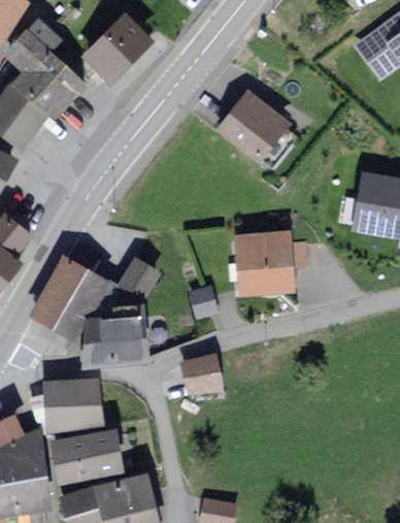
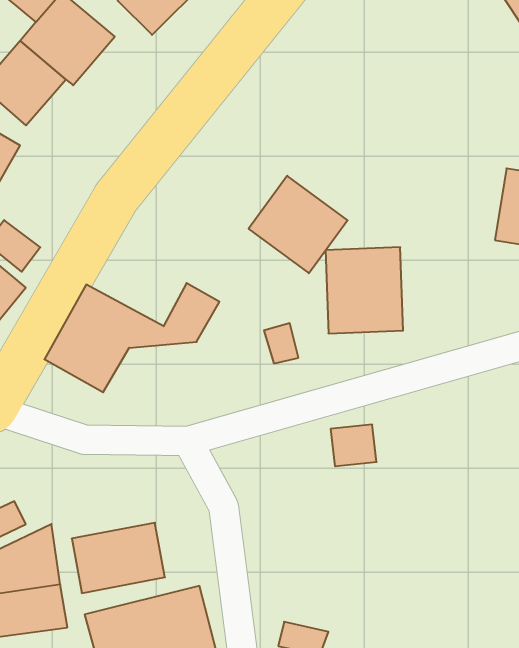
building: [220,90,291,160] -> [249,176,348,273]
building: [91,304,142,360] -> none
building: [186,359,219,389] -> [331,425,377,466]
building: [45,379,100,429] -> none

